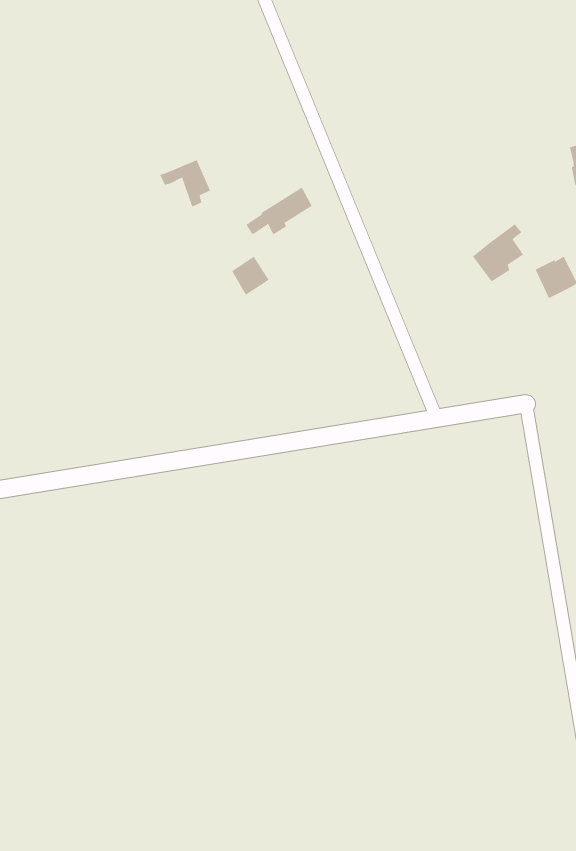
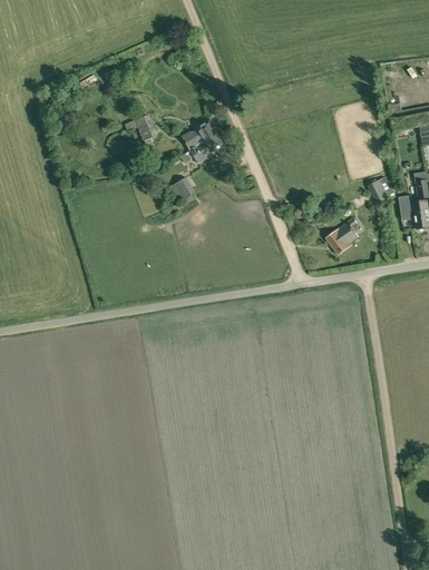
building: none -> [182,121,217,149]
building: [472,224,524,282] -> [325,217,359,255]

